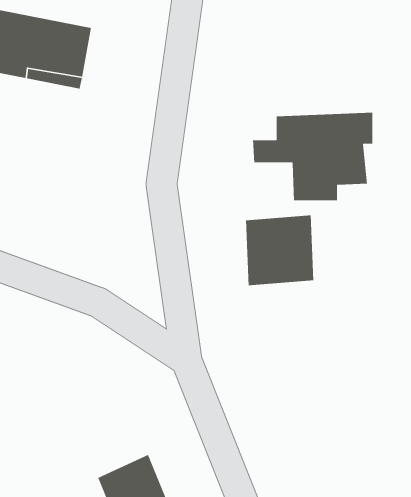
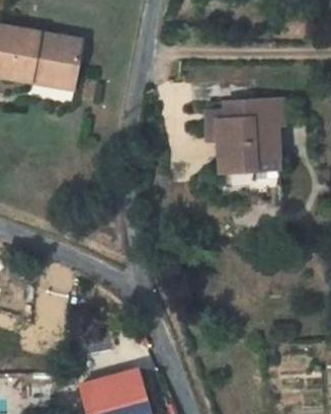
building: [245,214,314,286] -> none

